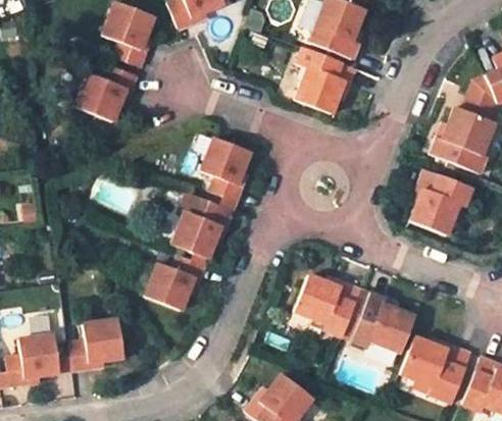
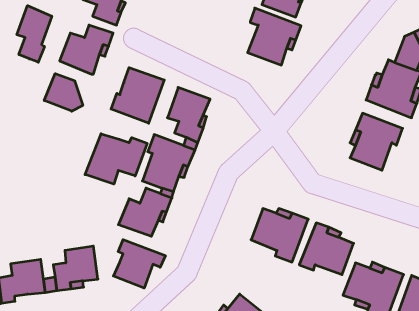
building: none -> [17,6,52,62]
building: none -> [111,68,164,123]
building: none -> [44,74,83,111]
building: none -> [85,134,147,184]
building: none -> [113,240,165,288]

